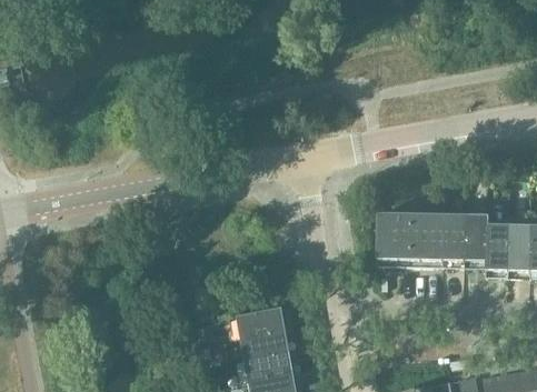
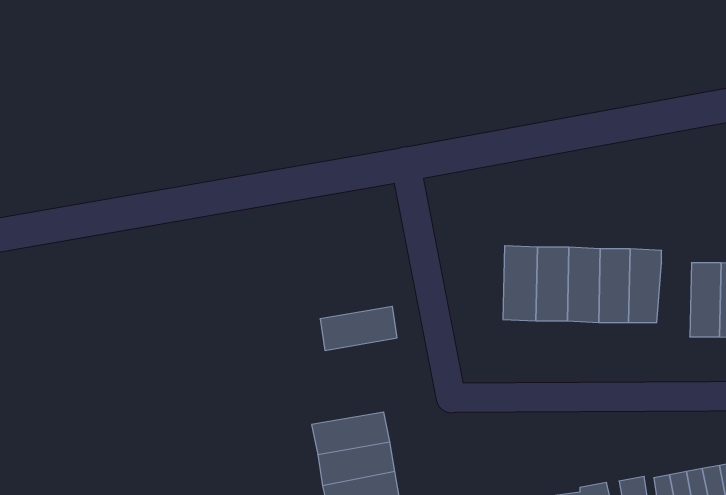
building: [485,224,509,277] -> none
building: [237,308,291,339] -> [320,306,397,350]

